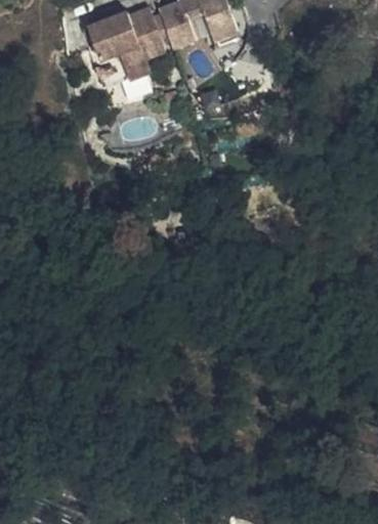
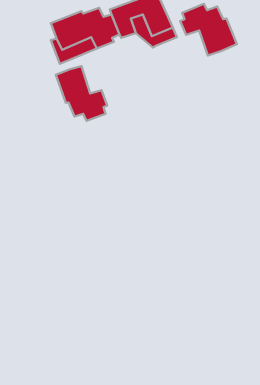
building: none -> [180,4,237,56]
building: none -> [56,66,107,121]

